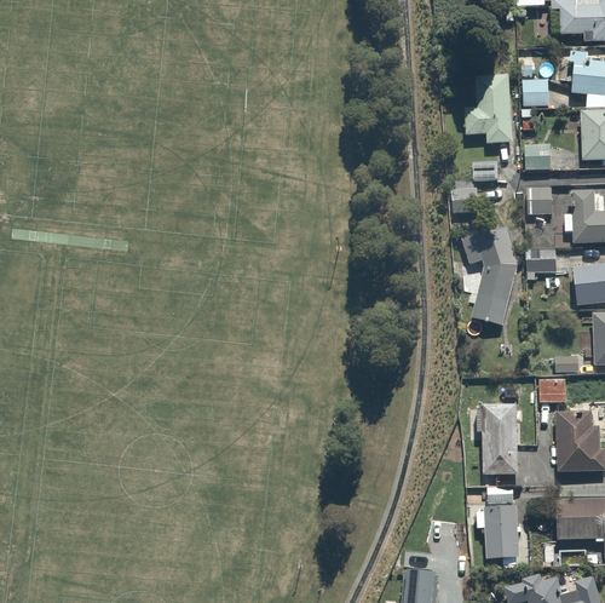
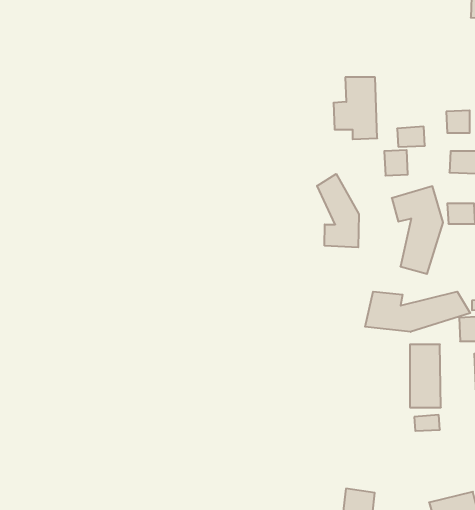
building: [523,75,549,103] -> none
building: [466,77,515,148] -> [333,77,377,139]
building: none -> [317,174,359,247]
building: none -> [365,292,470,332]
building: [479,505,522,568] -> none

